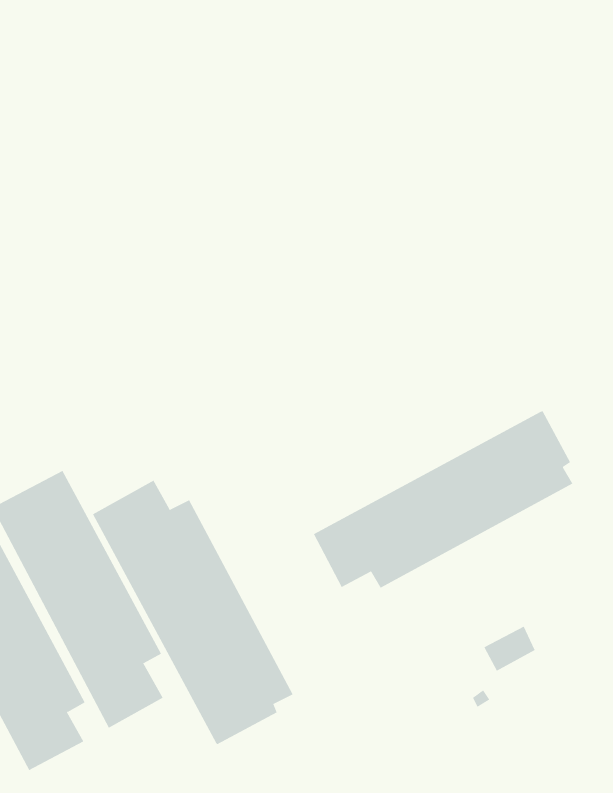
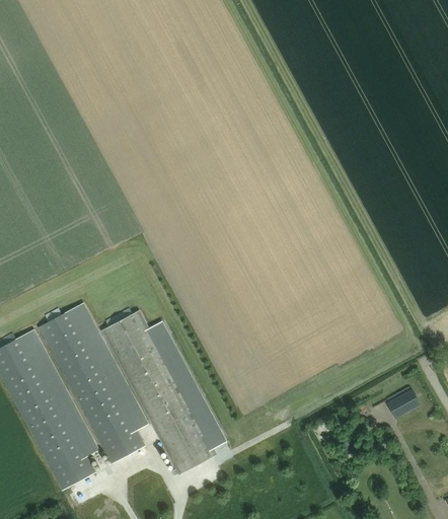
building: [313,411,573,589] -> none
building: [483,626,535,671] -> [387,388,420,417]

